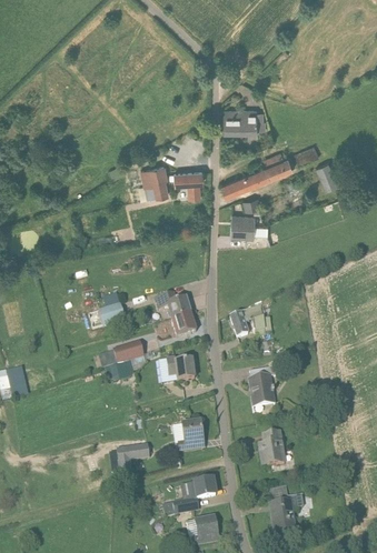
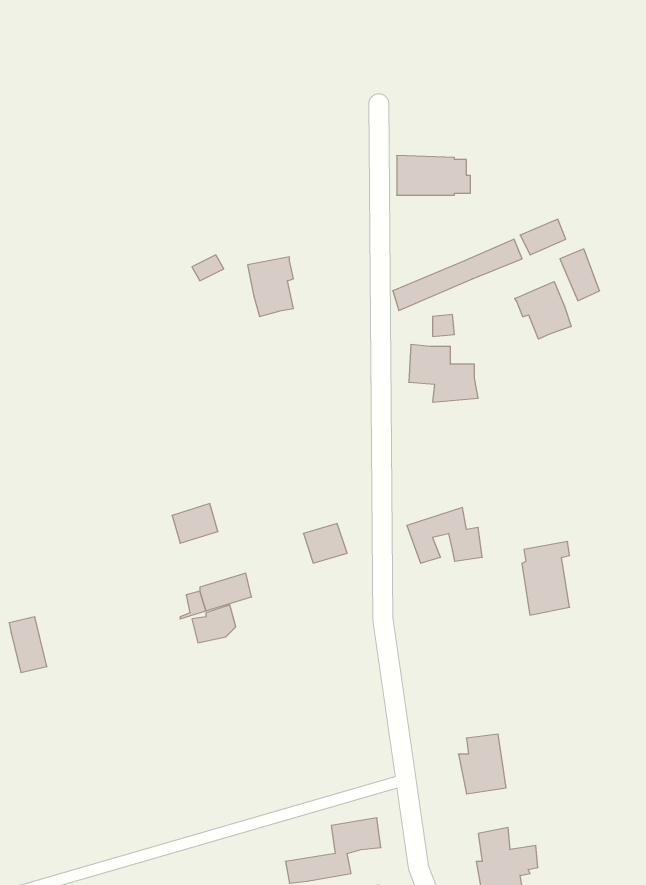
building: [175,171,204,198] -> none
building: none -> [515,282,571,339]
building: [157,292,191,320] -> none
building: [166,356,195,381] -> none
building: [249,366,276,408] -> [522,542,570,615]
building: [178,421,204,450] -> none
building: [117,444,150,472] -> none

